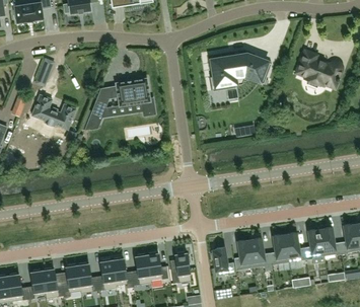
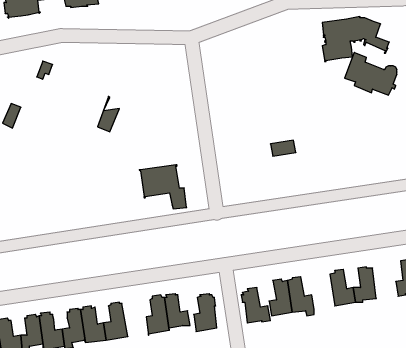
building: [210,54,266,91] -> [322,17,389,62]
building: [115,79,154,116] -> [139,165,187,209]
building: [30,95,75,130] -> none
building: [319,227,341,256] -> none
building: [269,235,288,265] -> none
building: [111,257,133,288] -> none

